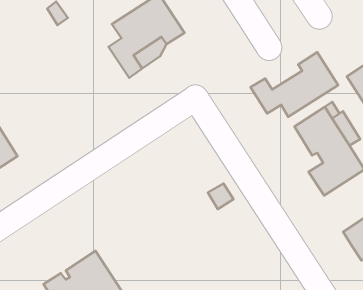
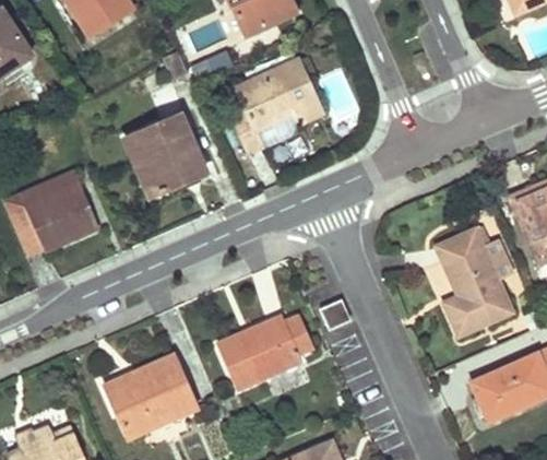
building: [251,52,338,117] -> none
building: none -> [124,113,204,194]
building: none -> [217,312,314,389]

